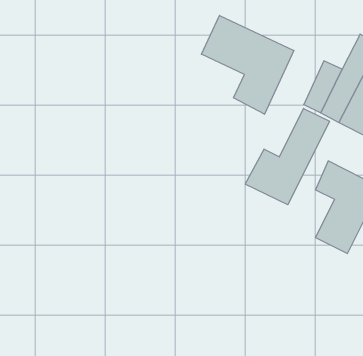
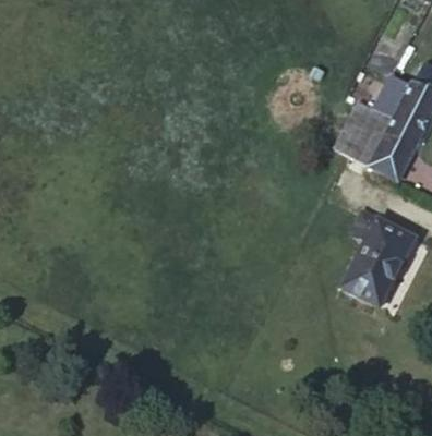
building: [201,15,294,114] -> none
building: [245,108,329,205] -> none

